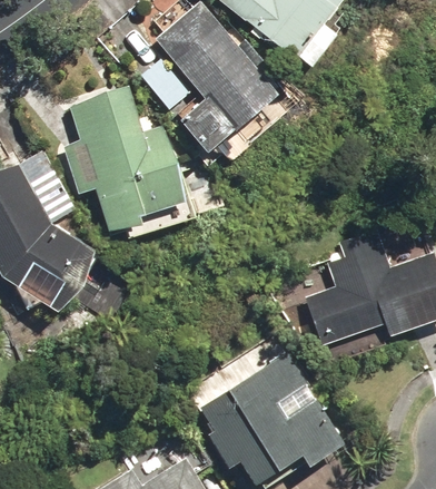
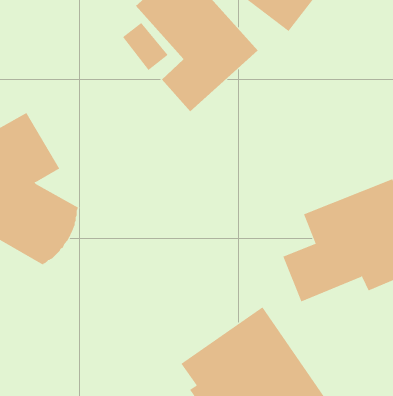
building: [61,87,188,231] -> none

